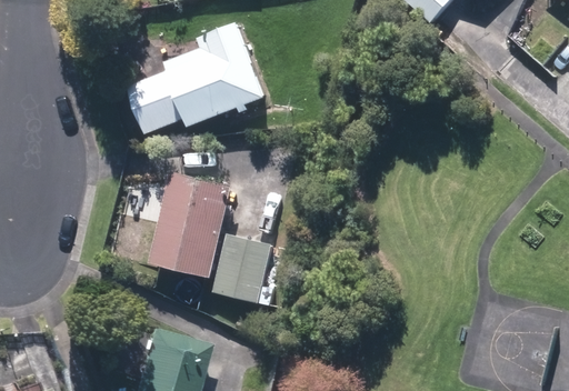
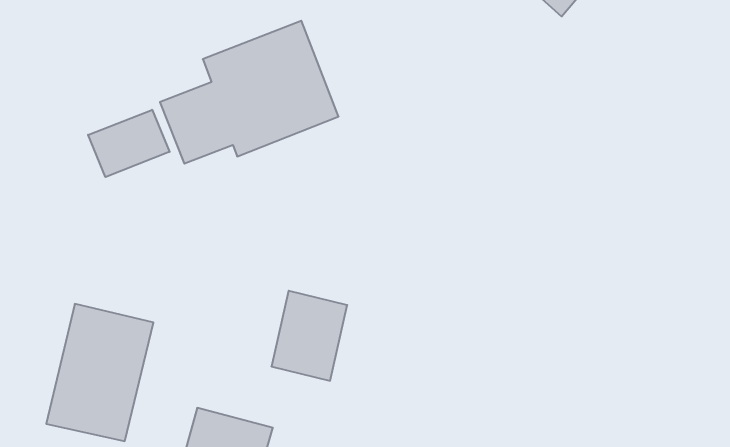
building: none -> [88,110,170,177]
building: [147,173,230,280] -> [46,304,153,441]

